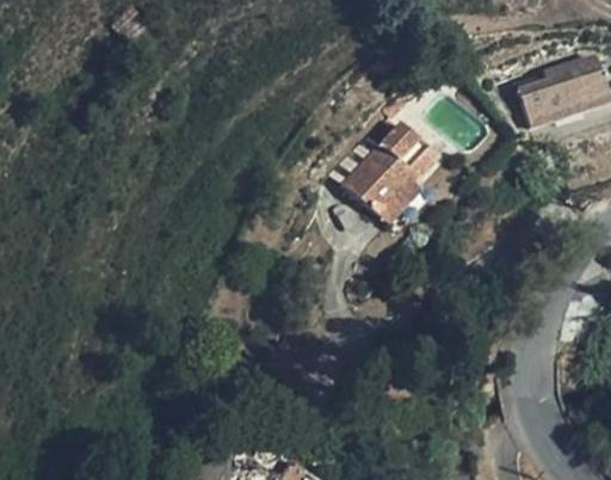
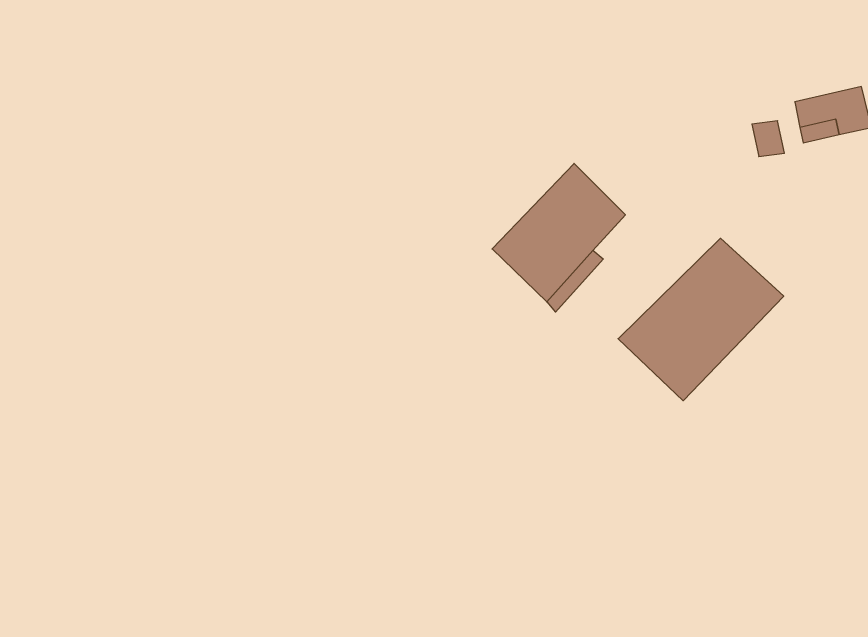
building: none -> [618,238,784,401]

